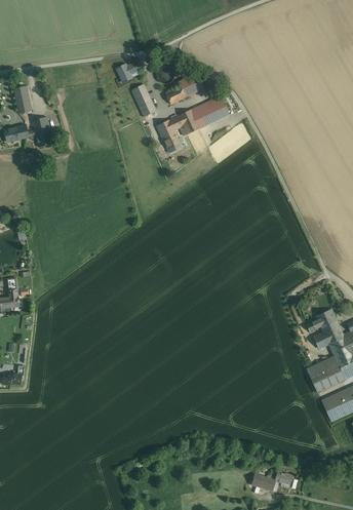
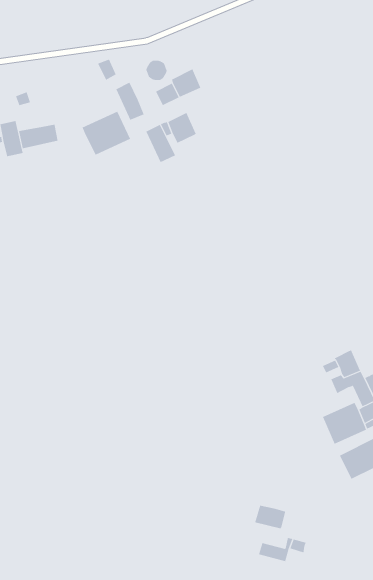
building: [191,94,229,128] -> none
building: none -> [82,111,131,156]
building: none -> [19,124,58,149]
building: none -> [254,505,286,529]

